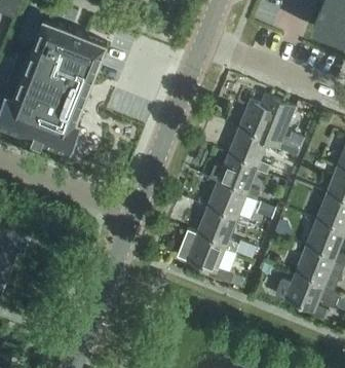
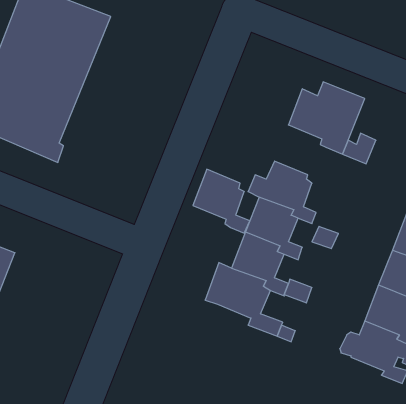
building: [229,127,271,175] -> [193,169,250,233]

